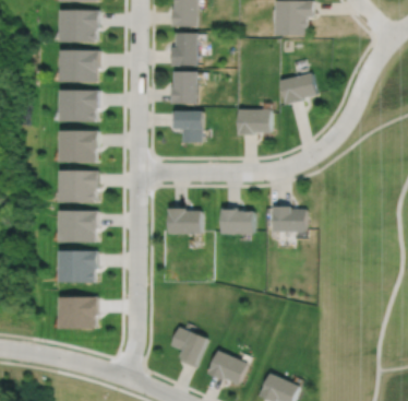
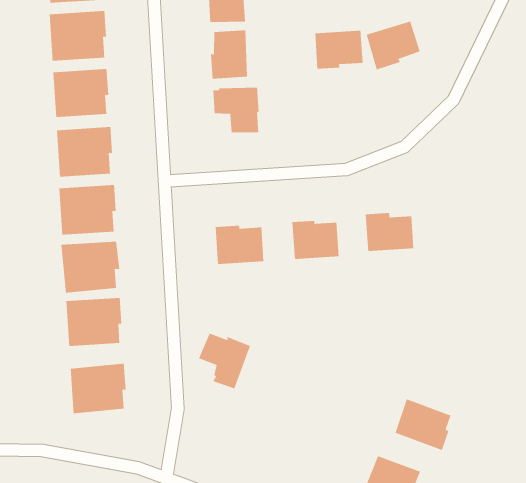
building: [238,108,271,133] -> [314,30,363,69]
building: [168,326,205,366] -> [198,333,251,389]
building: none -> [395,398,451,451]
building: [205,349,245,382] -> none

